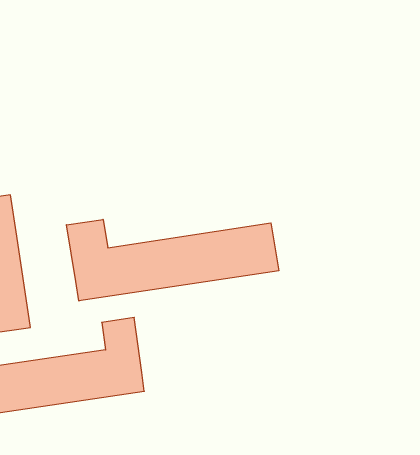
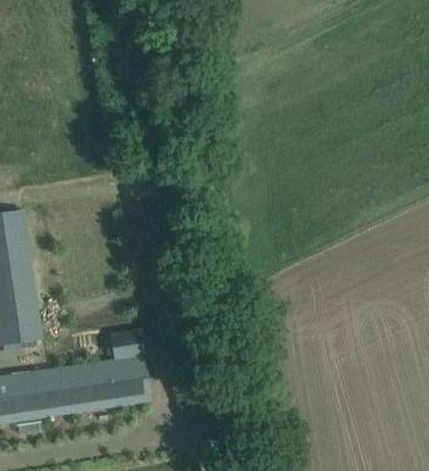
building: [66,219,279,301] -> none

